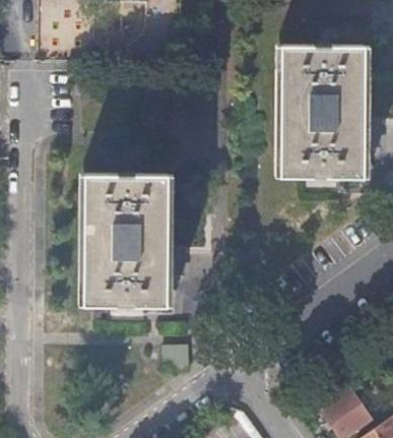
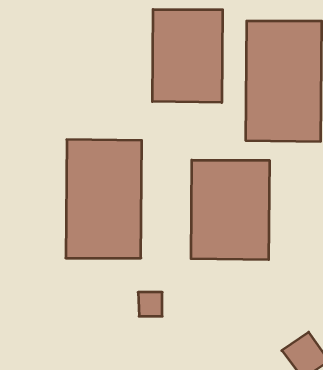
building: none -> [152,9,223,103]
building: none -> [191,160,269,260]

